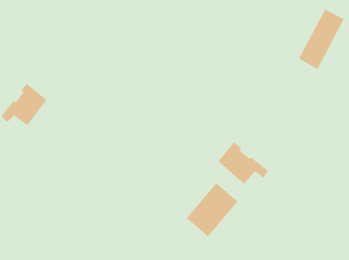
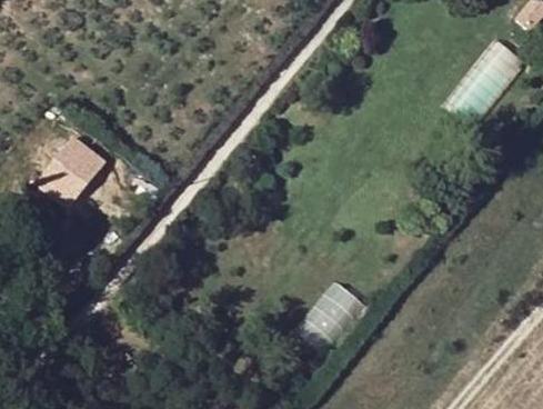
building: [217,141,269,185] -> none

